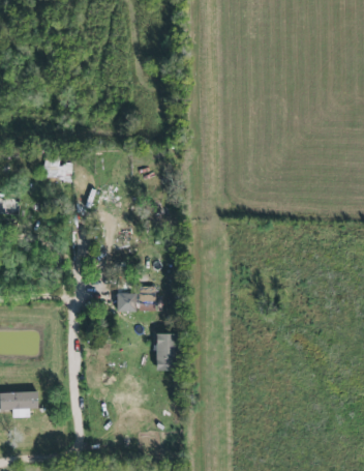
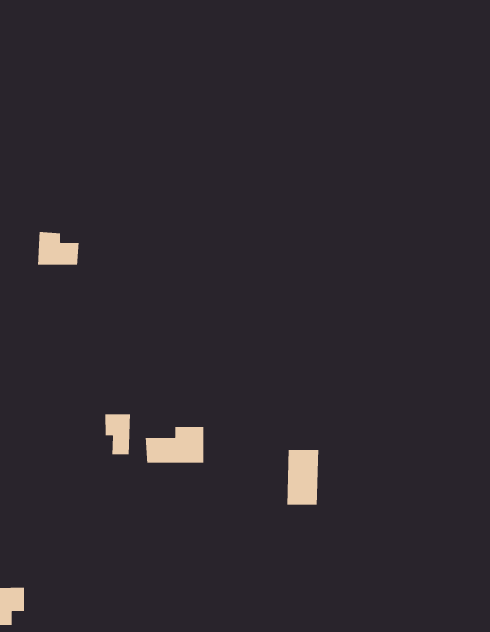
building: none -> [104,414,131,455]
building: [155,333,177,371] -> [286,449,319,505]

